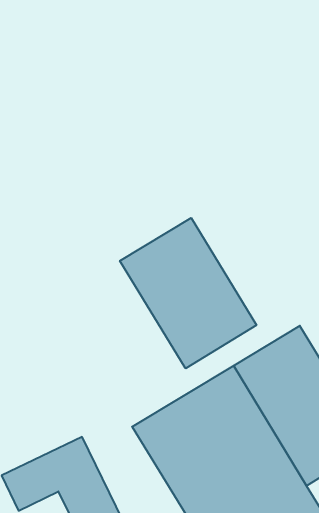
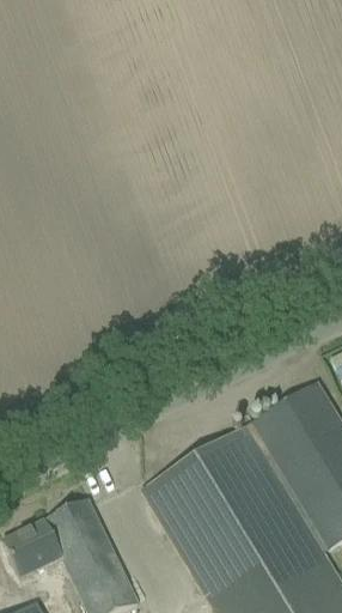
building: [120,218,256,368] -> none

